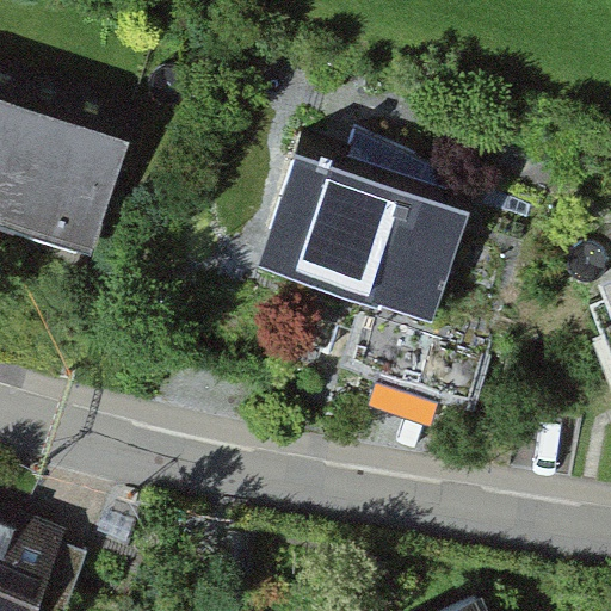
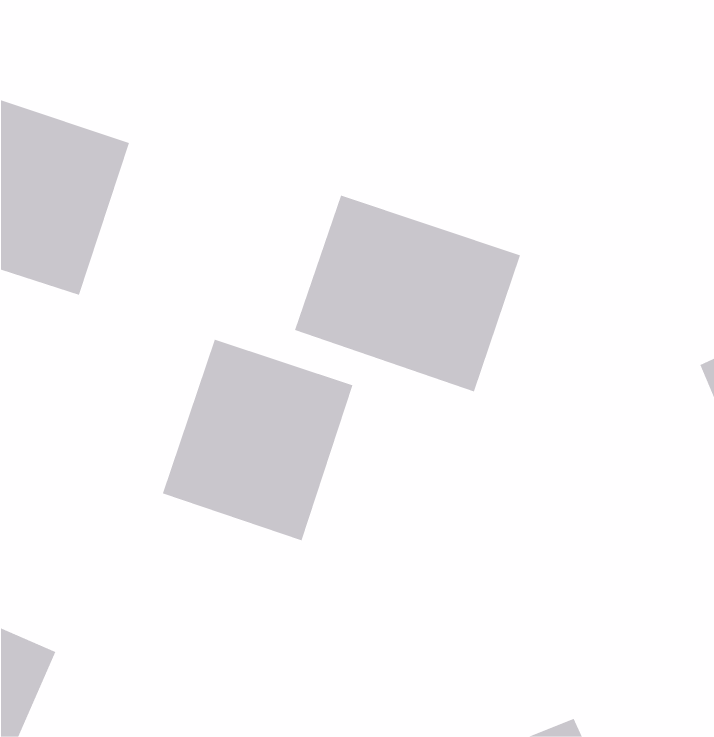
building: none -> [162,339,353,541]

